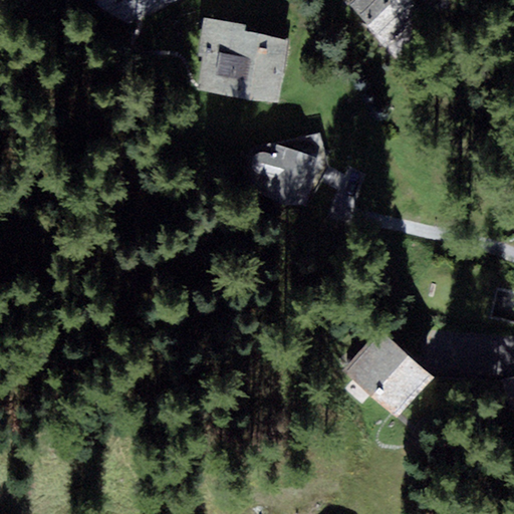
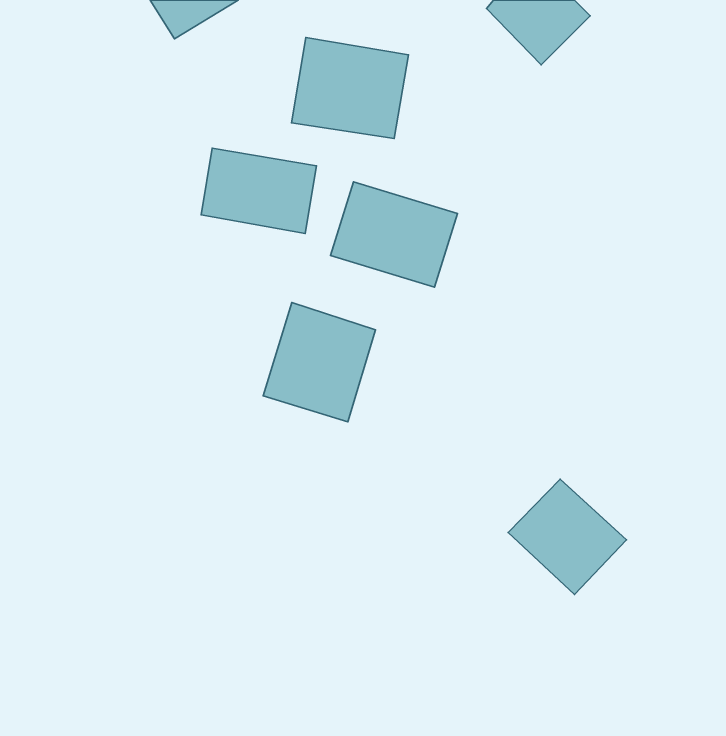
building: none -> [201,148,317,233]
building: none -> [263,303,376,422]

